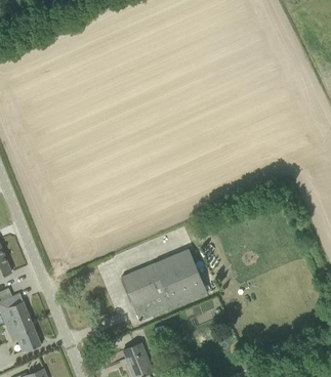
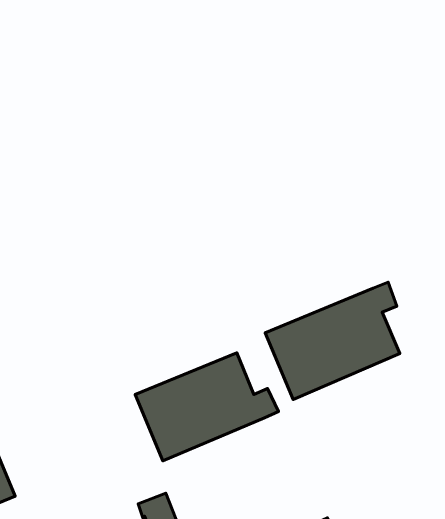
building: none -> [265,282,400,399]

